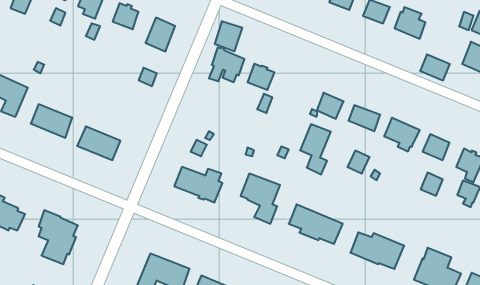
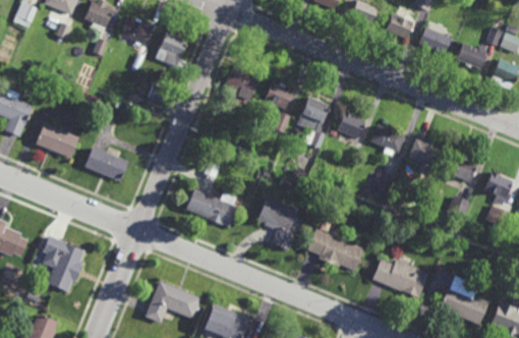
building: [215,21,242,51] -> none
building: [420,54,450,80] -> [457,41,488,68]
building: [300,124,331,174] -> [297,96,330,149]

